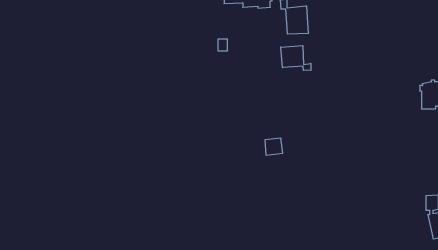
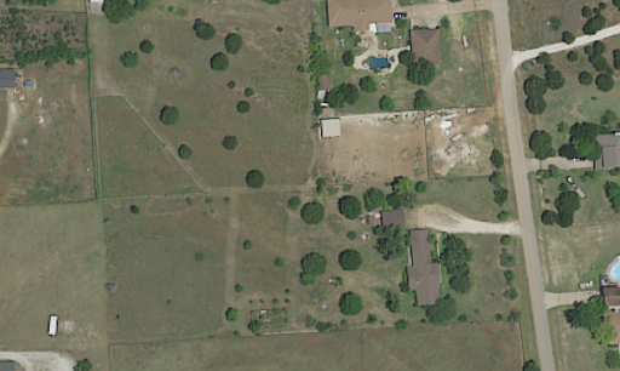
building: [281,46,311,70] -> none
building: none -> [407,227,441,303]

